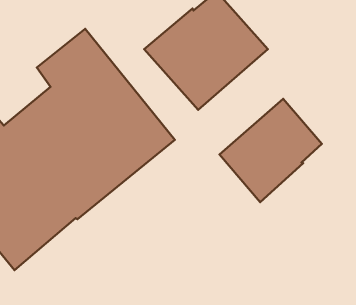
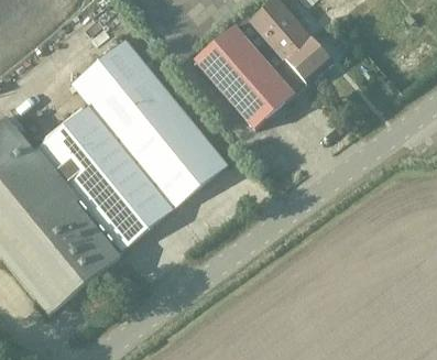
building: [219,99,322,202] -> none

